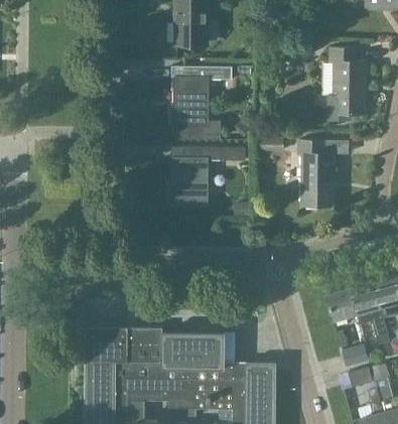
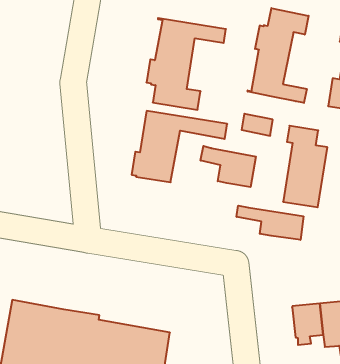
building: none -> [248,8,309,103]
building: none -> [201,146,256,187]
building: none -> [237,206,303,240]

